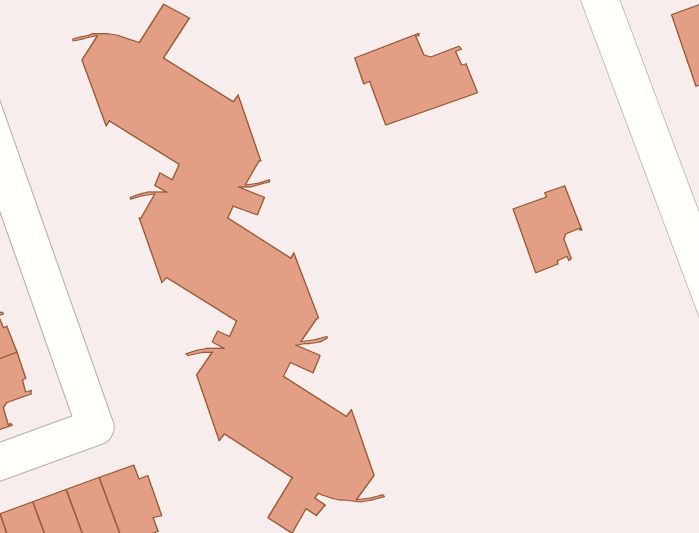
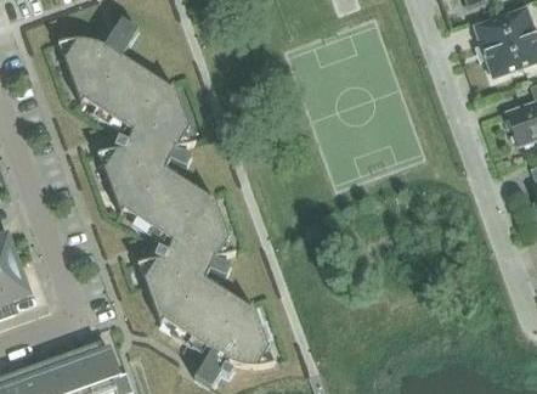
building: [355,33,477,125] -> none
building: [513,186,582,273] -> none

